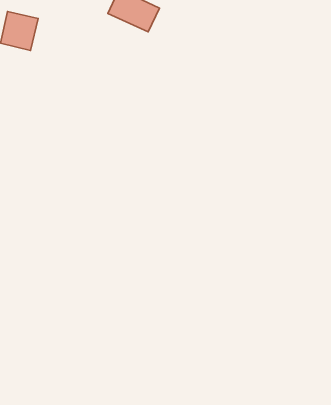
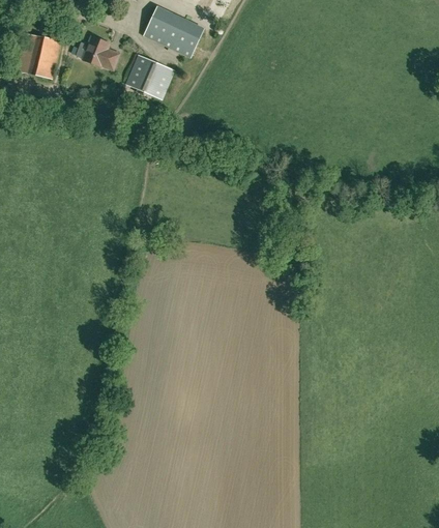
building: none -> [83,36,119,69]
building: none -> [126,55,174,98]

